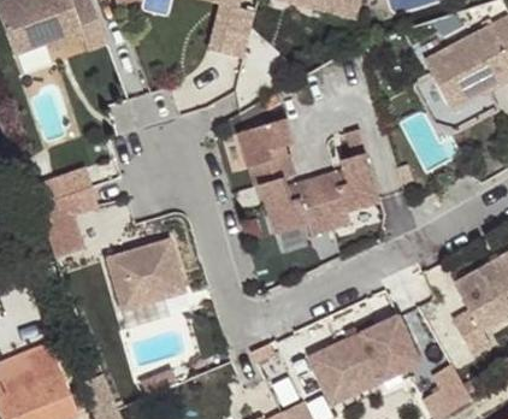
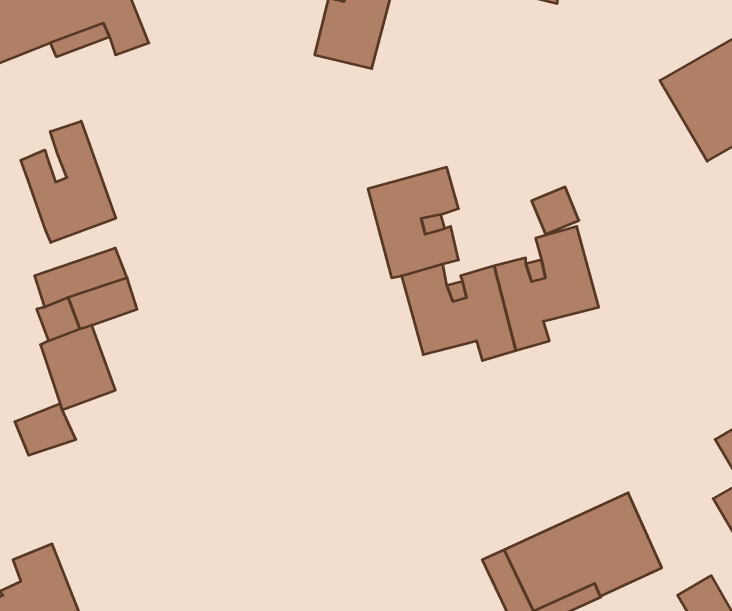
building: none -> [21,121,116,243]
building: [106,236,185,308] -> none

